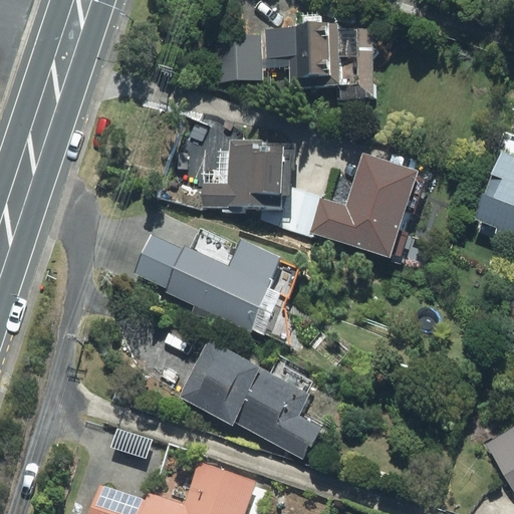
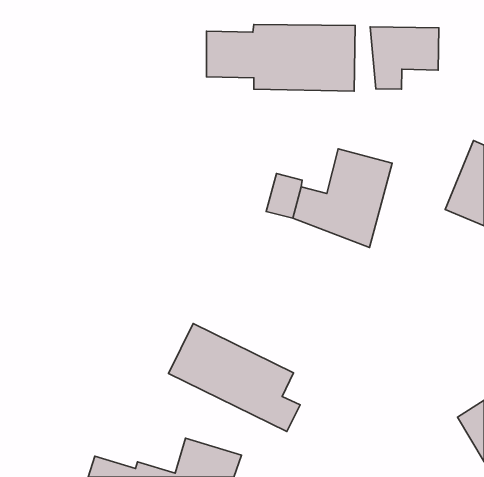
building: none -> [370,27,439,89]
building: [205,141,283,211] -> none
building: [143,236,284,334] -> none

